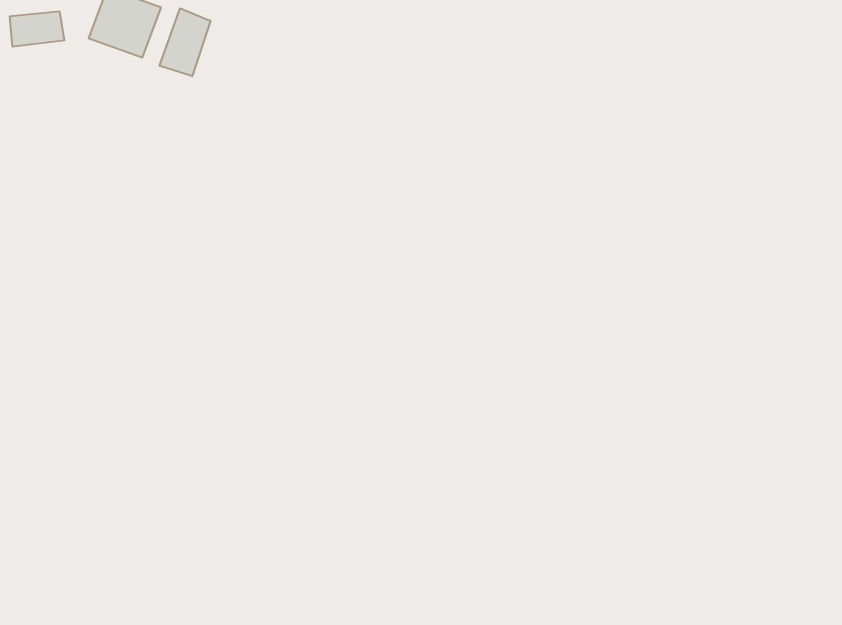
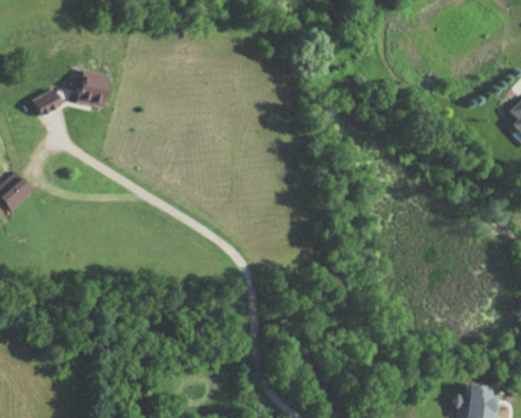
building: [160,8,211,76] -> none

